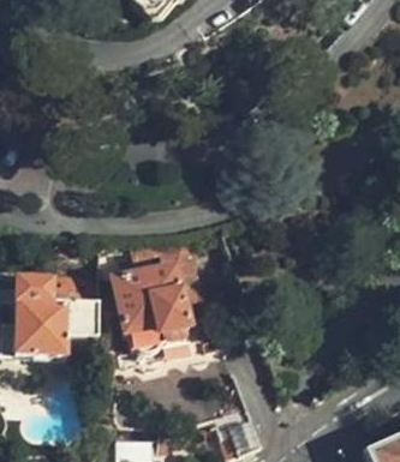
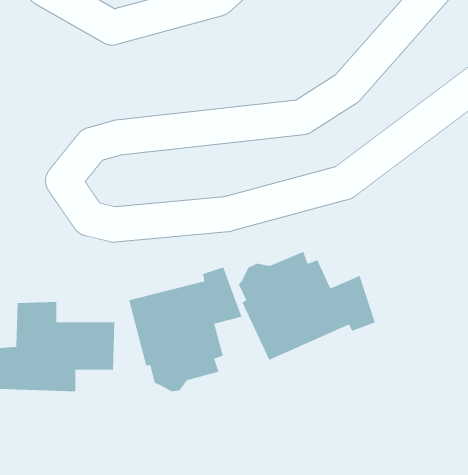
building: none -> [238,251,376,361]

